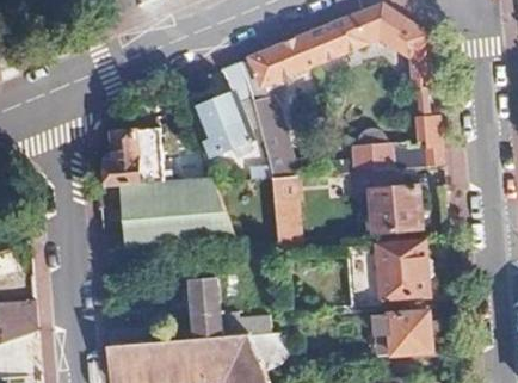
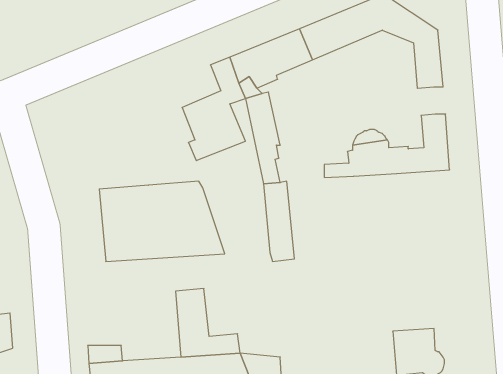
building: [104,130,164,186] -> none
building: [353,171,420,234] -> none
building: [378,243,426,299] -> none

